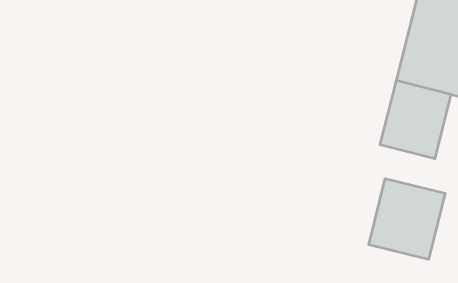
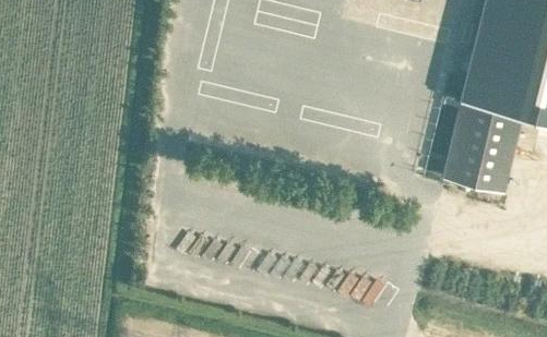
building: [369,179,445,259] -> none

